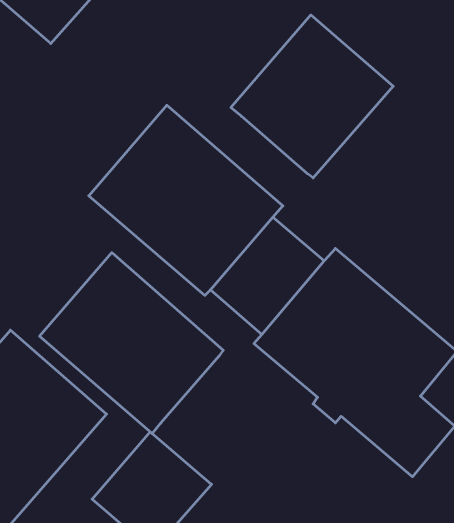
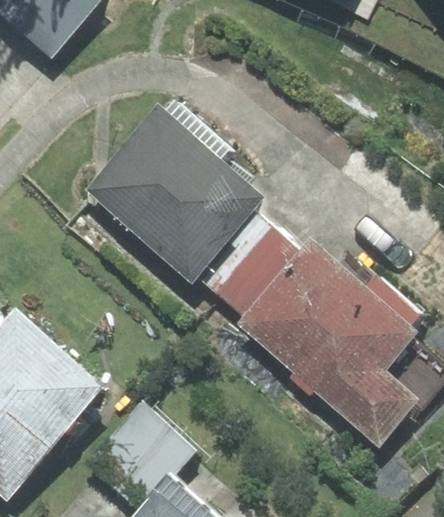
building: [231,15,393,178] -> none
building: [40,253,223,434] -> none

